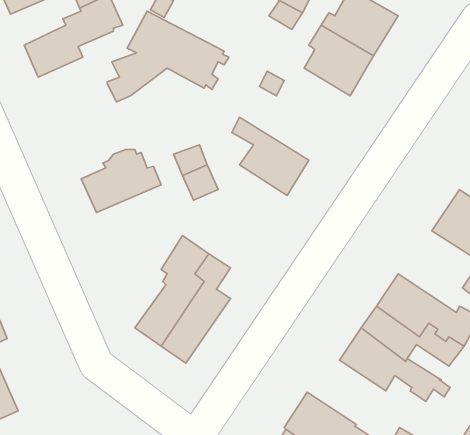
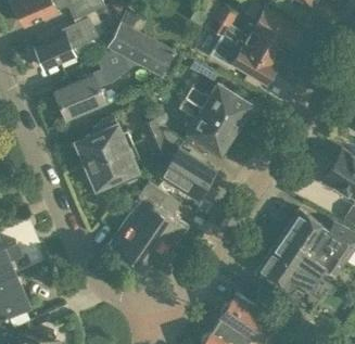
building: none -> [53,75,105,120]
building: none -> [187,84,251,129]
building: none -> [86,146,140,190]
building: none -> [159,148,214,198]

